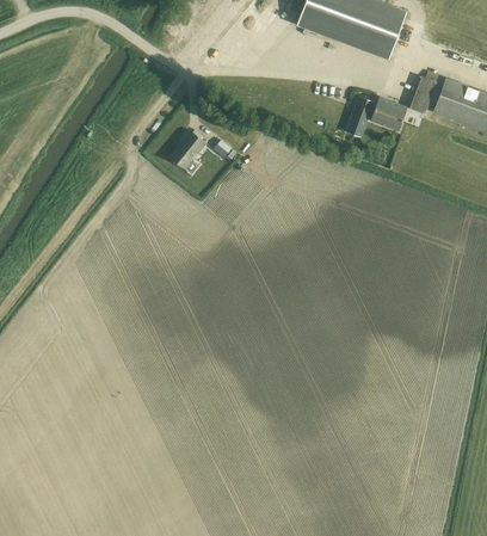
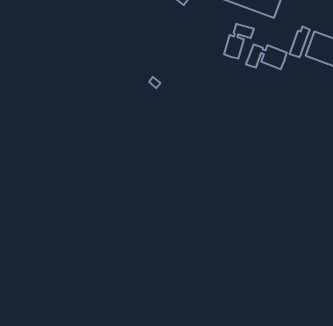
building: none -> [224,24,254,59]
building: [169,130,205,170] -> none

